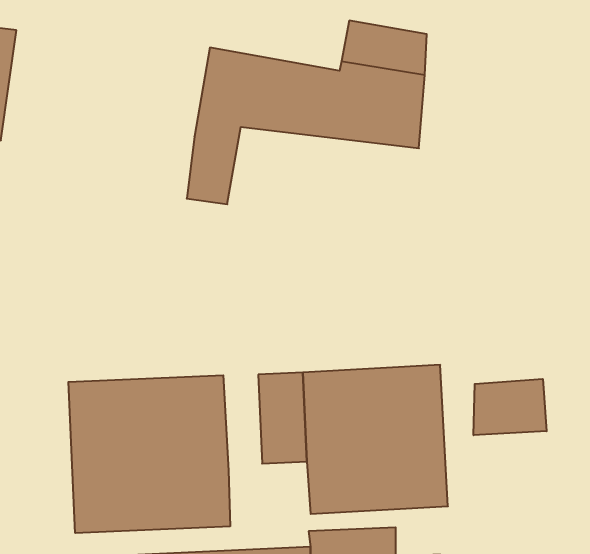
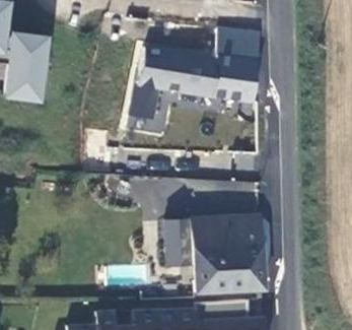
building: [68,375,230,533] -> none
building: [474,379,547,435] -> none

